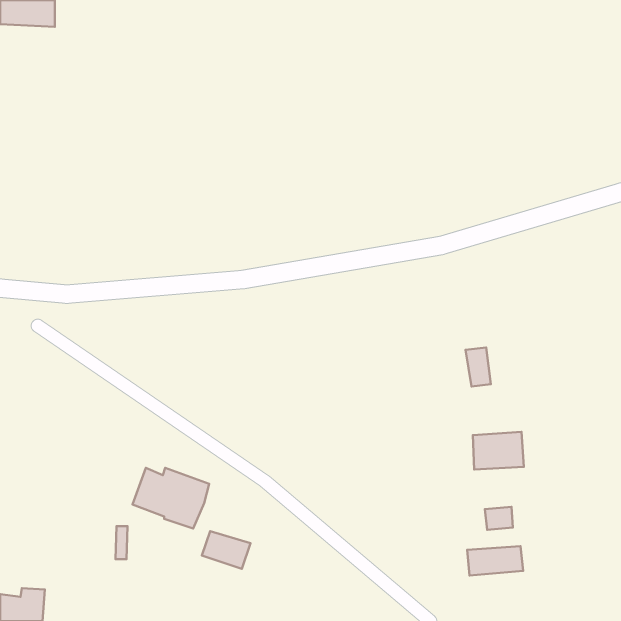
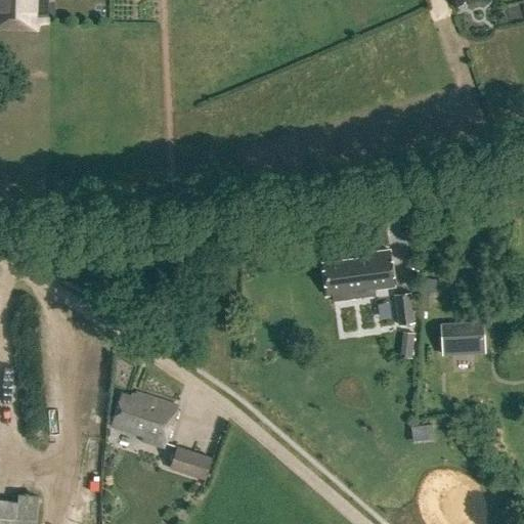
building: none -> [322,249,393,295]
building: [473,432,524,469] -> [441,322,484,354]
building: [467,546,523,576] -> none

